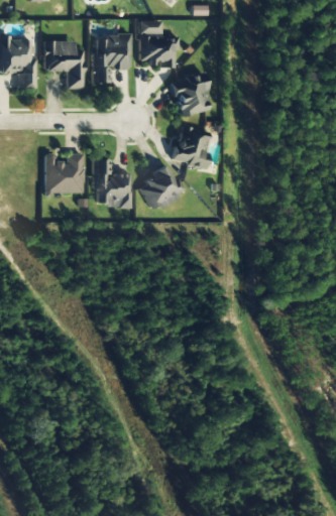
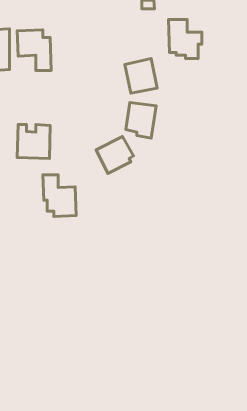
building: [138,20,178,67] -> [169,20,202,59]
building: [91,33,130,82] -> none
building: [92,158,131,208] -> [43,175,76,216]

